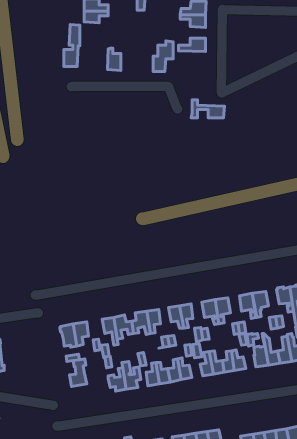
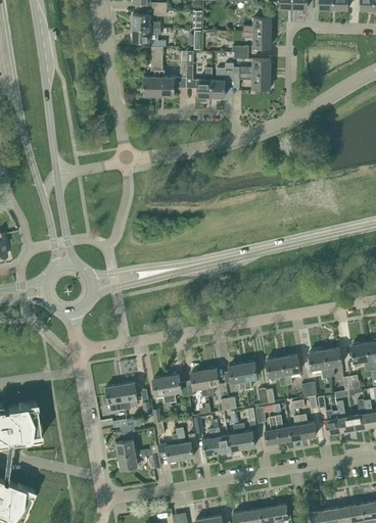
building: [64,24,80,67] -> [143,48,161,96]
building: none -> [186,65,212,98]
building: [191,100,225,118] -> [232,68,270,89]
building: none -> [118,445,160,473]

